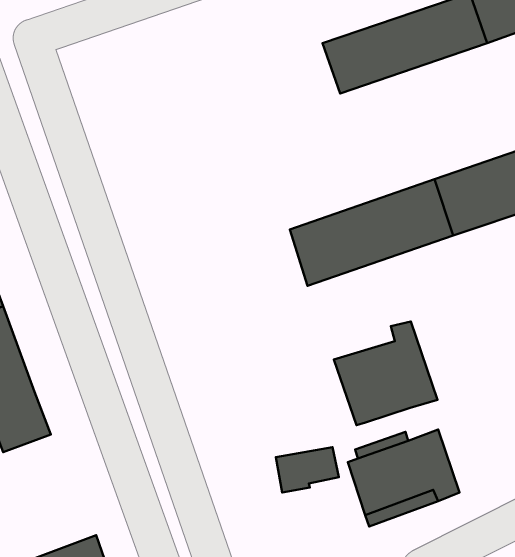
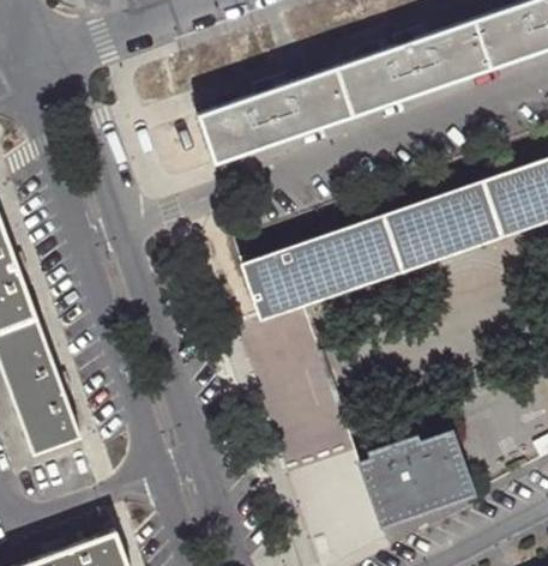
building: none -> [199,65,356,161]
building: none -> [245,242,325,318]
building: [334,321,437,425] -> none

